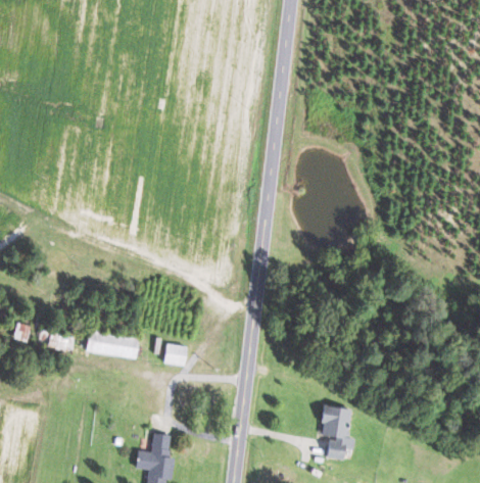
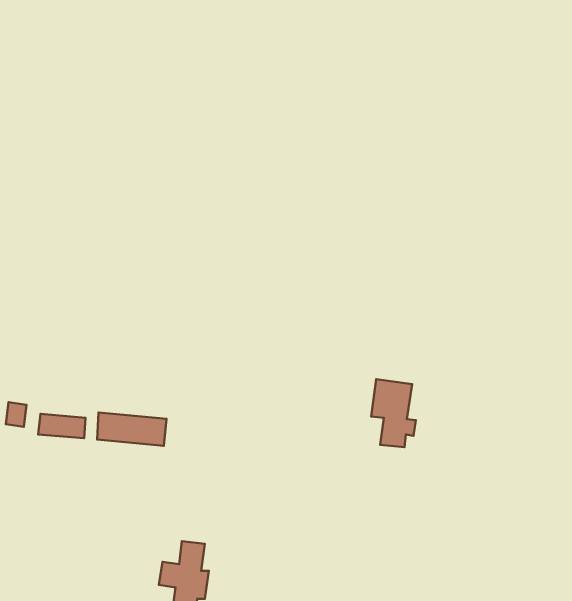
building: [163,343,189,366] -> none
building: [320,405,355,460] -> [371,379,416,447]

